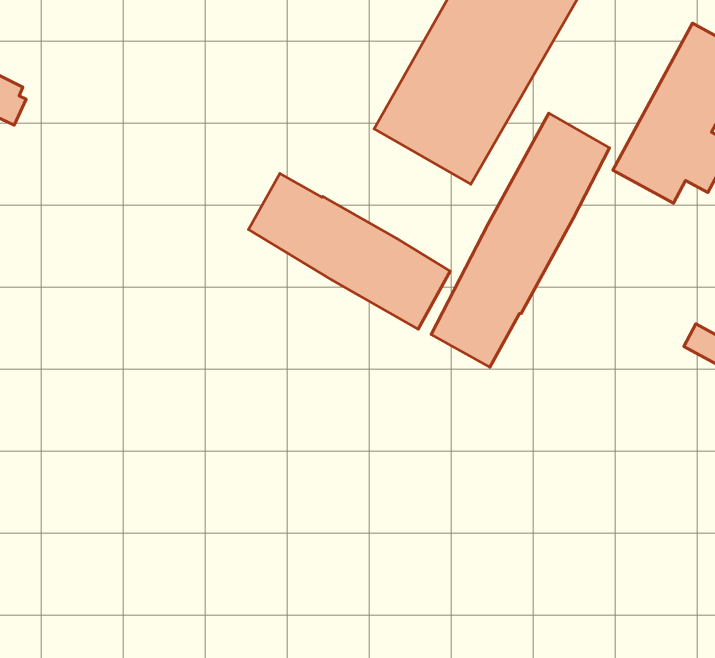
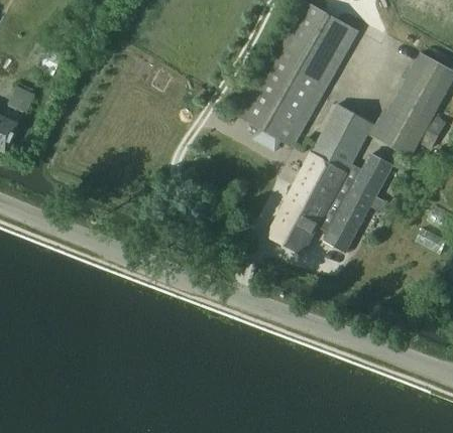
building: [249,174,450,329] -> none
building: none -> [325,156,406,251]

